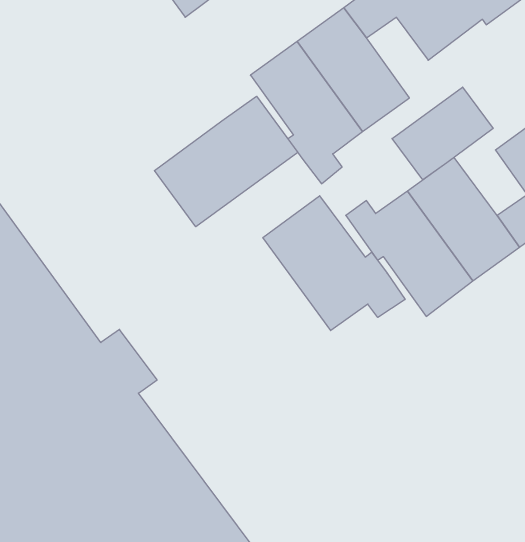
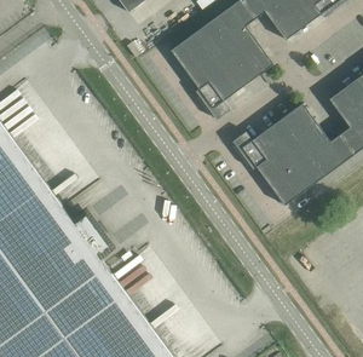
building: [392,87,493,180] -> none
building: [154,96,298,227] -> none
building: [263,196,405,331] -> none

